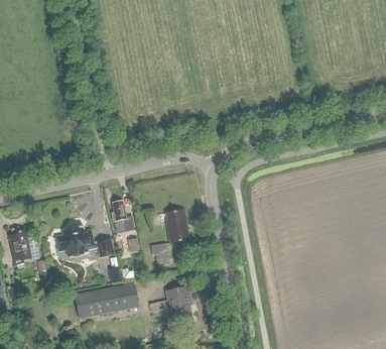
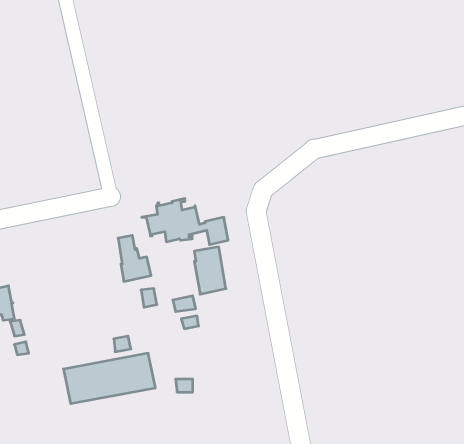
building: [52,225,113,257] -> [142,199,228,245]
building: [166,287,190,322] -> none

